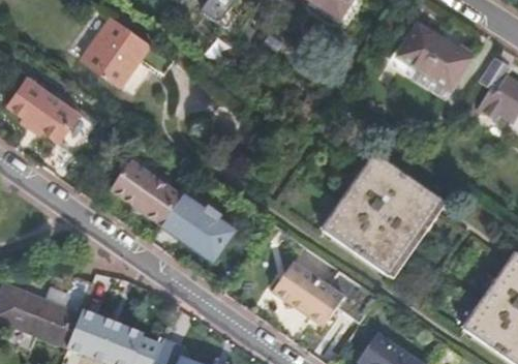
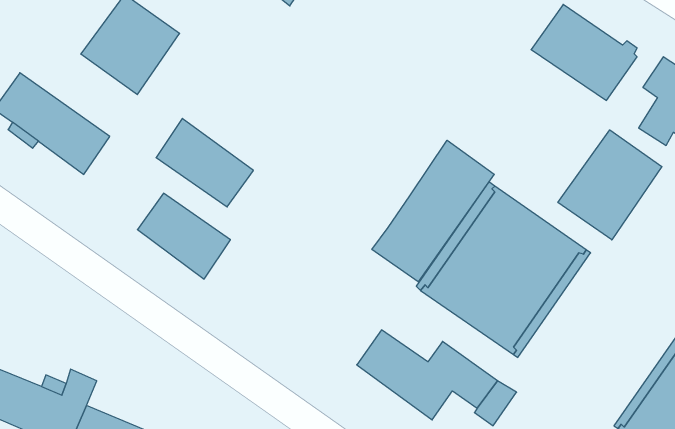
building: none -> [558,130,662,240]
building: none -> [372,140,494,282]
building: [166,194,236,257] -> [156,118,253,207]

